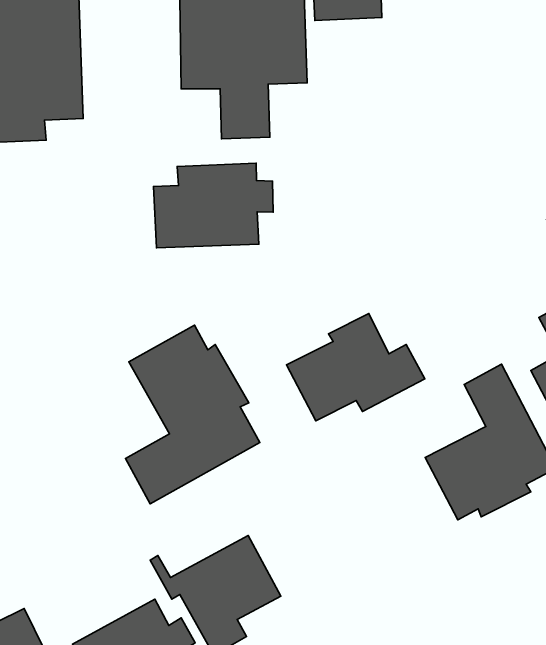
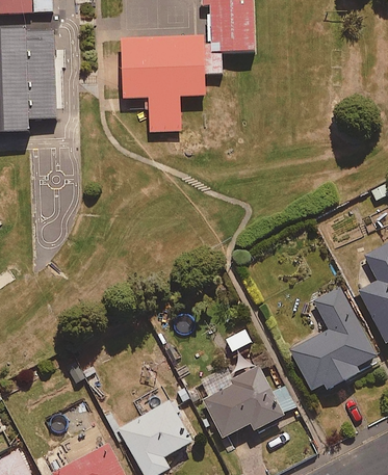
building: [154,163,273,248] -> none
building: [286,314,425,421] -> [202,364,294,436]
building: [126,325,260,504] -> none

